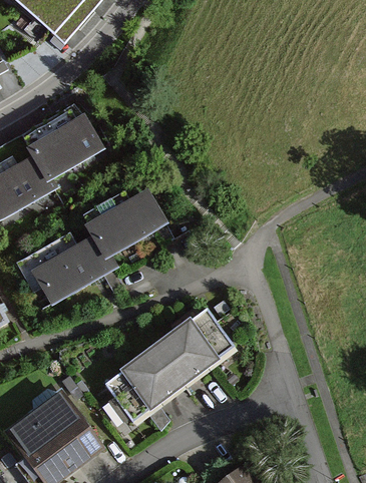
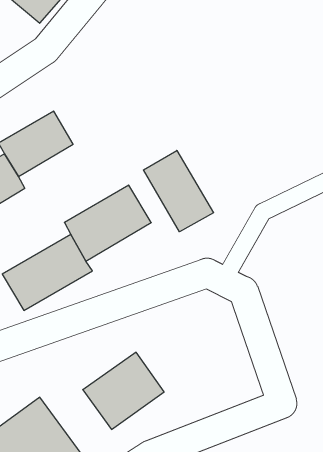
building: none -> [143,150,214,232]
building: [156,309,233,382] -> none

